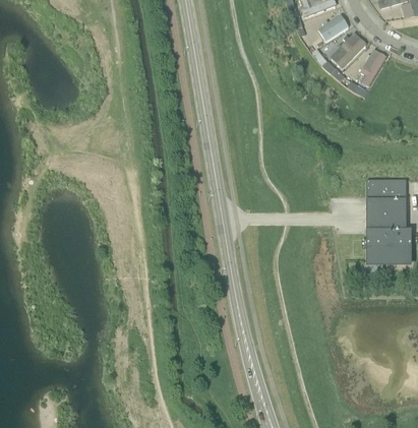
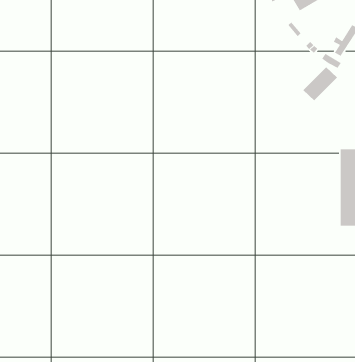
building: [329,33,365,68] -> [302,67,338,101]

